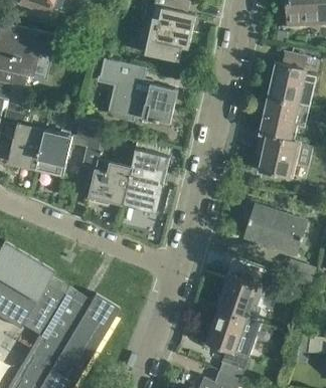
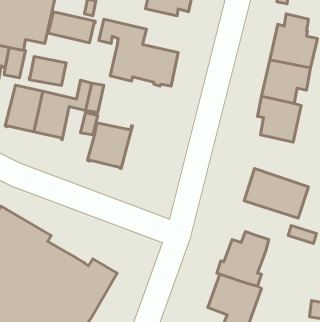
building: none -> [48,12,95,43]
building: none -> [29,57,66,85]
building: [122,149,170,212] -> none

